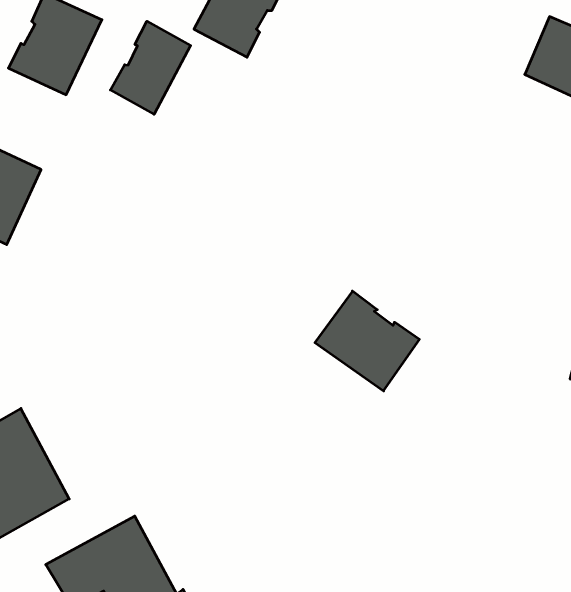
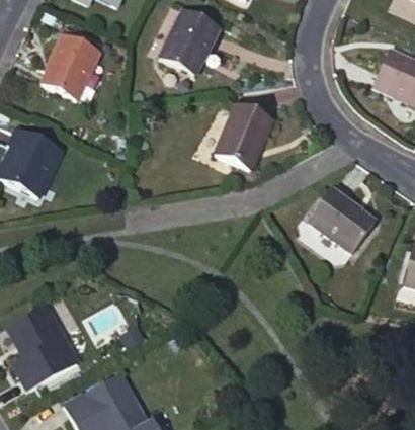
building: [110,21,191,114] -> none
building: none -> [215,102,273,168]
building: [315,291,419,391] -> [310,187,378,252]

